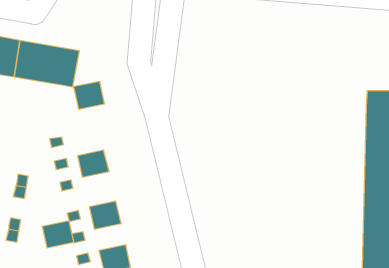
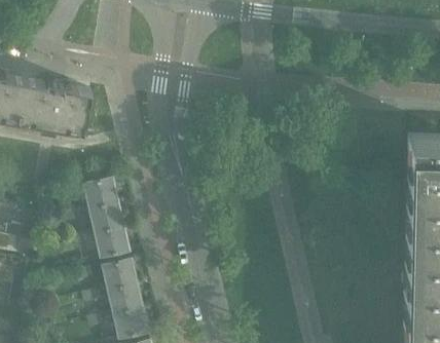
building: [73,81,105,109] -> [82,176,117,206]
building: none -> [94,224,129,256]
building: [42,221,74,248] -> [107,281,142,311]

